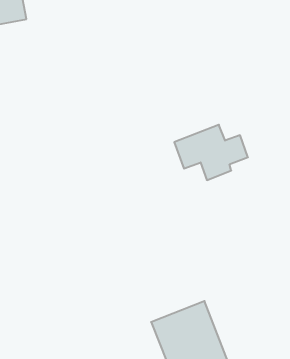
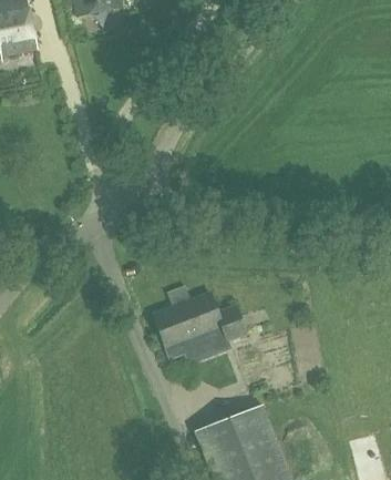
building: [174,125,248,180] -> [154,293,247,362]

